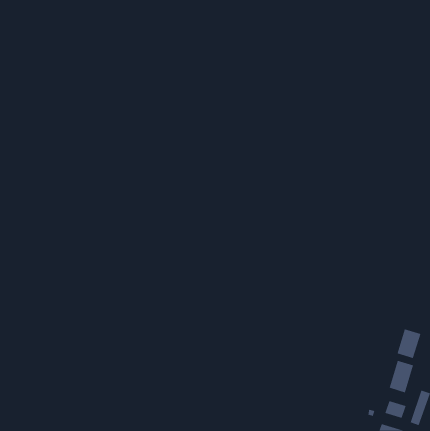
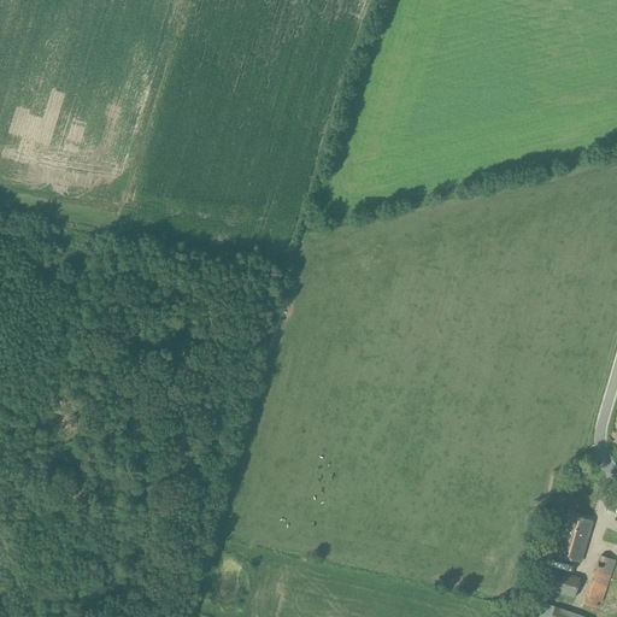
building: [397,328,421,359] -> none

